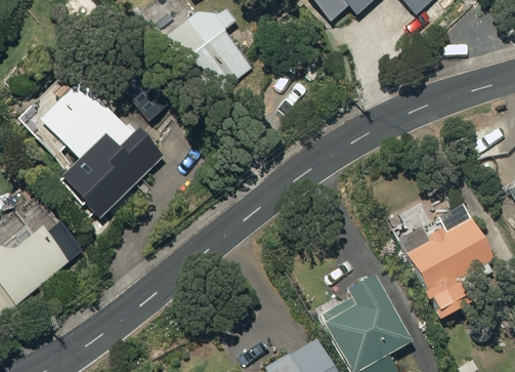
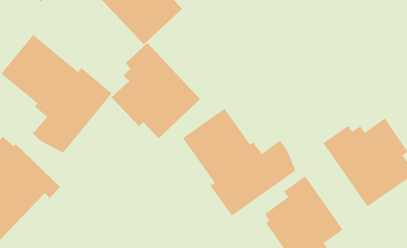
building: none -> [110,42,201,139]
building: none -> [182,108,296,216]

